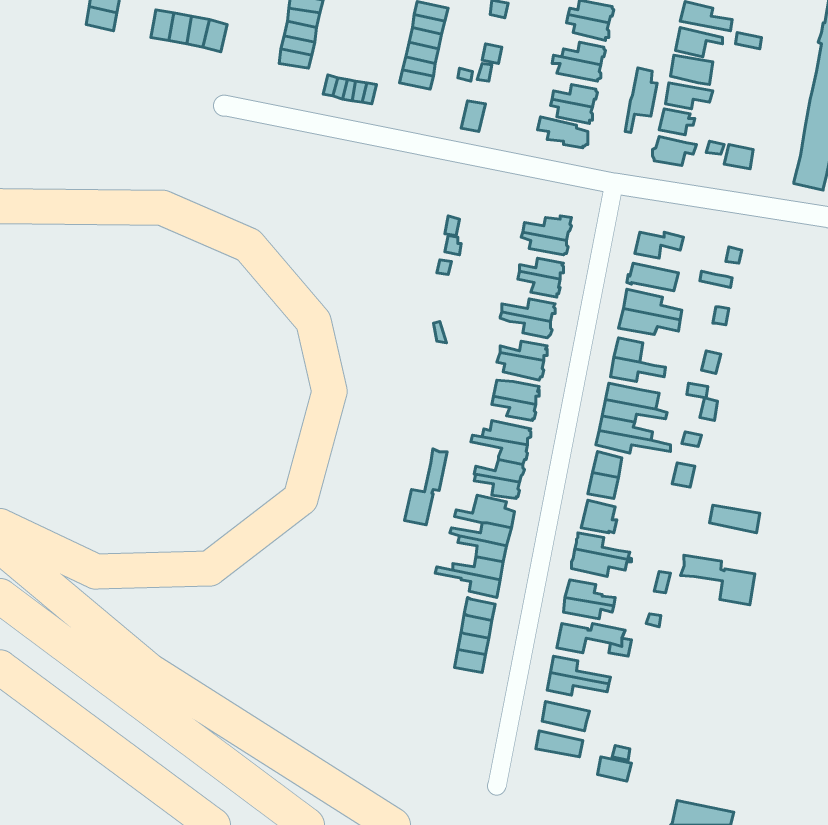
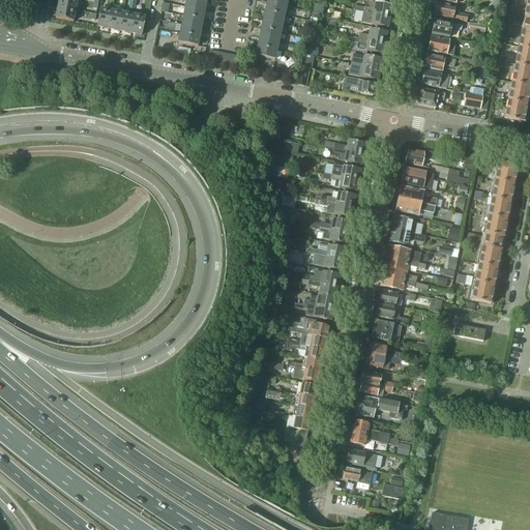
building: [625,68,657,132] -> none
building: none -> [472,160,518,301]
building: [405,449,447,525] -> none
building: [681,555,755,605] -> none

